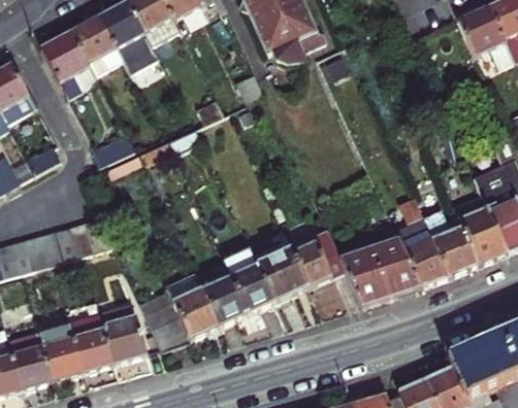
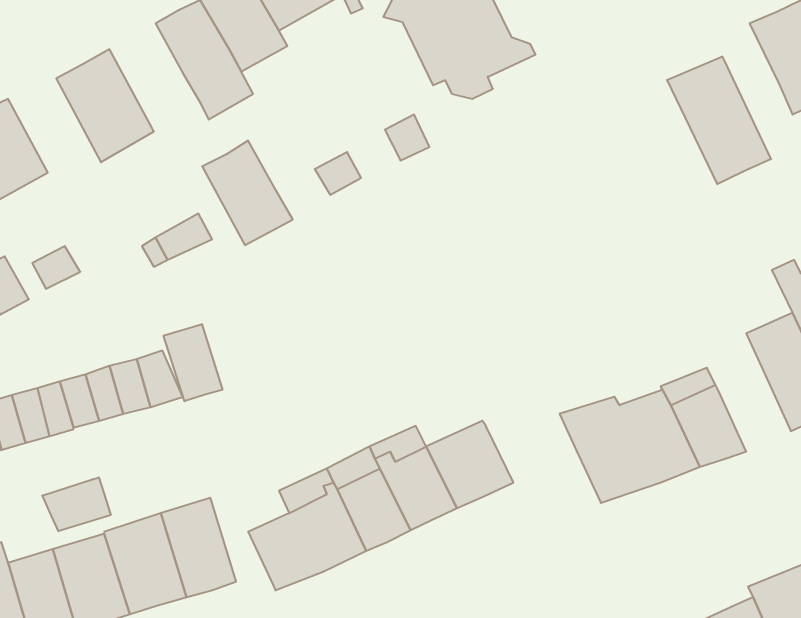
building: [69,16,124,79] -> [202,141,293,245]
building: none -> [667,56,771,184]
building: none -> [164,324,222,401]
building: [436,226,480,274] -> none
building: [296,240,351,293] -> none
building: none -> [42,477,111,531]

